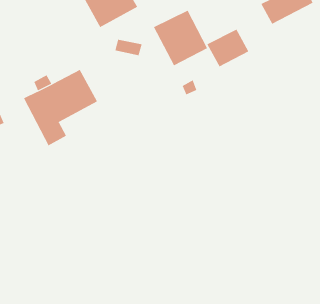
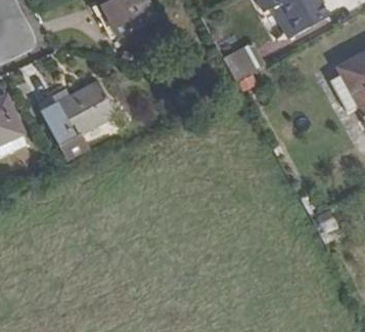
building: [153,10,208,66] -> none

